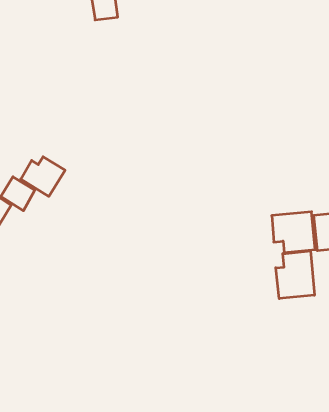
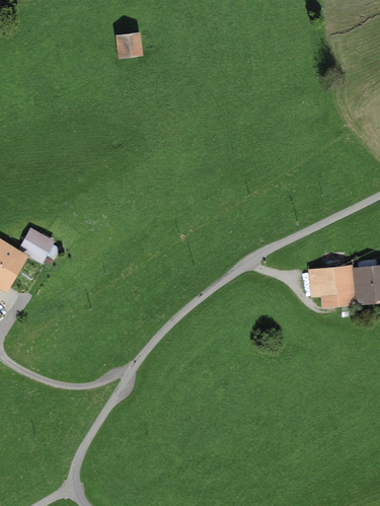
building: [21,157,65,196] -> none
building: [276,251,314,299] -> none

